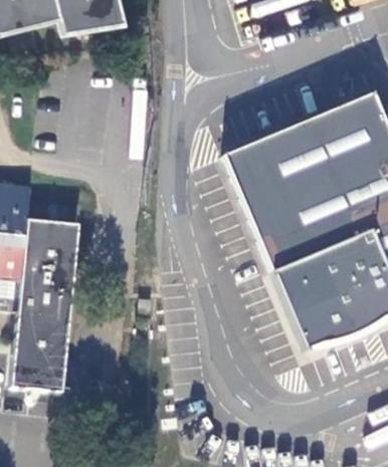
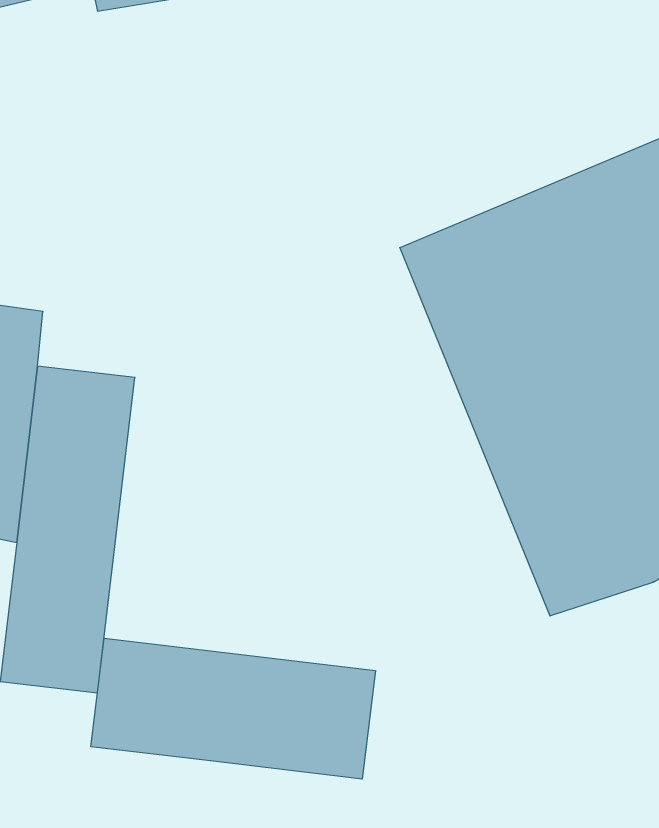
building: none -> [91,638,375,779]

